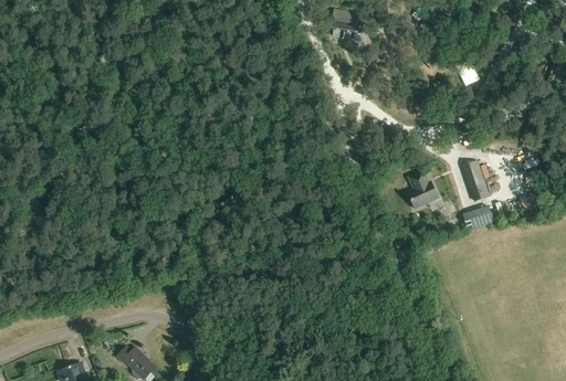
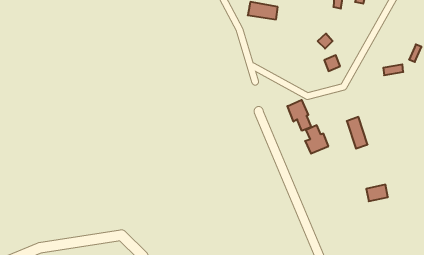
building: none -> [287,100,311,131]
building: [465,205,494,227] -> [366,185,388,201]

